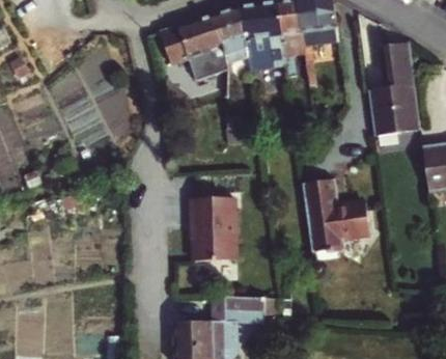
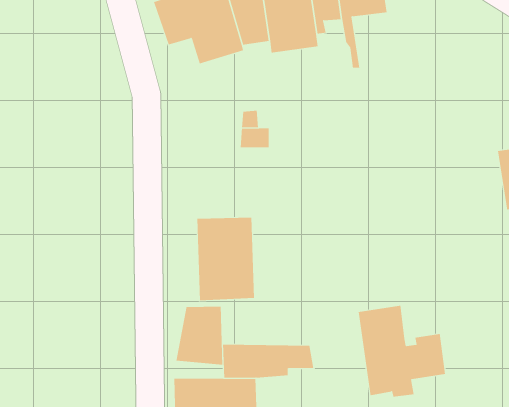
building: [369,46,420,138] -> none
building: [301,175,368,246] -> [358,305,446,397]
building: none -> [176,306,223,365]

